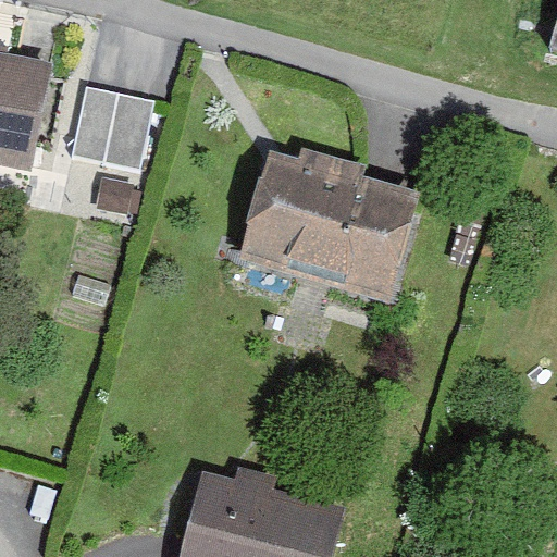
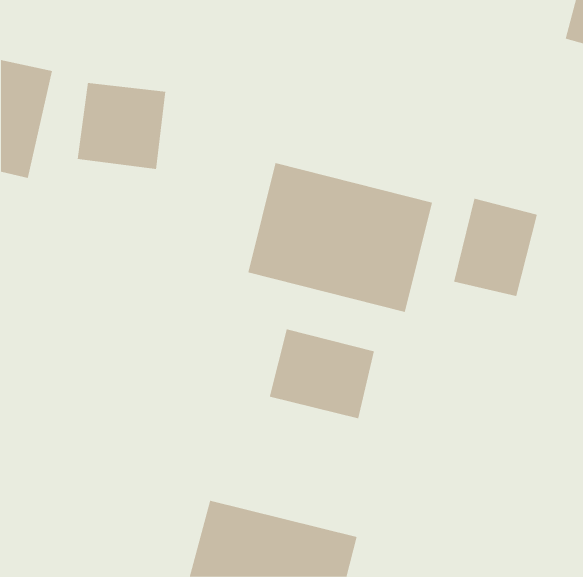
building: none -> [454,198,538,297]
building: none -> [269,329,374,419]

